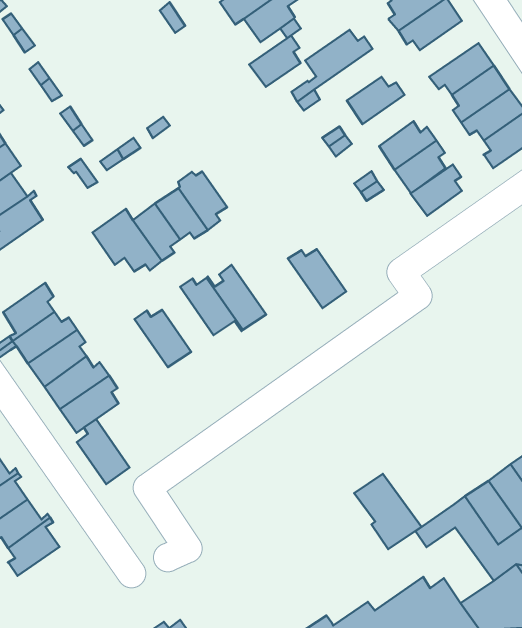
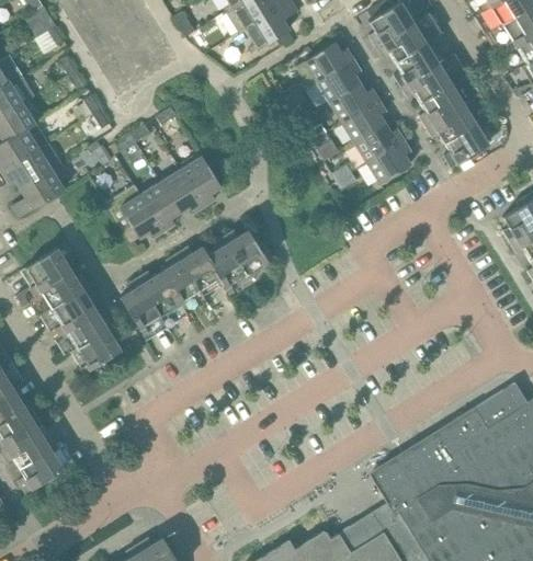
building: none -> [395,39,445,85]
building: [249,35,300,87] -> [317,59,361,102]
building: [411,164,462,216] -> [342,100,386,142]
building: [288,249,346,308] -> [224,230,272,280]
building: none -> [162,253,205,309]
building: [77,419,130,484] -> [121,278,165,334]
building: [354,474,422,549] -> [377,471,433,536]

